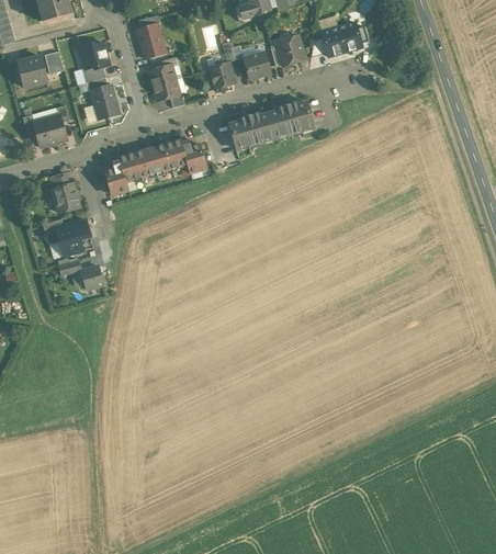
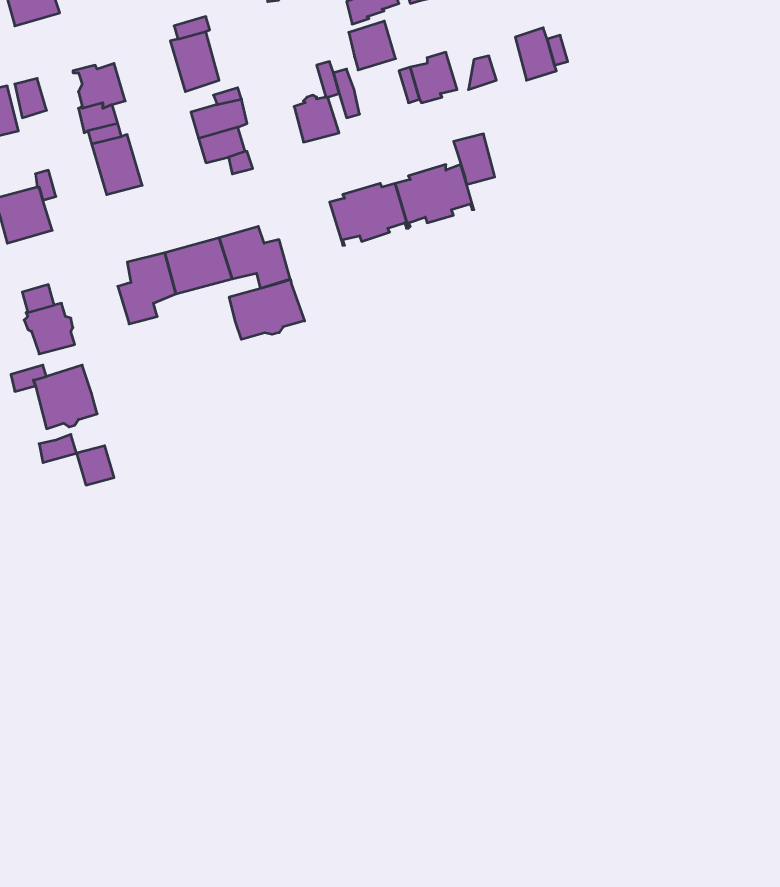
building: [320,27,345,57] -> [454,134,495,184]
building: [244,52,271,80] -> [349,21,396,70]
building: none -> [229,280,305,339]

